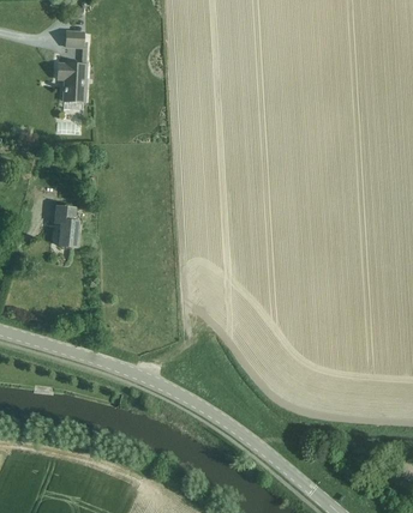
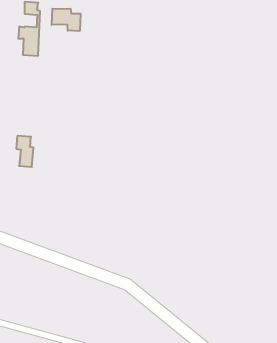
building: none -> [52,9,81,31]

